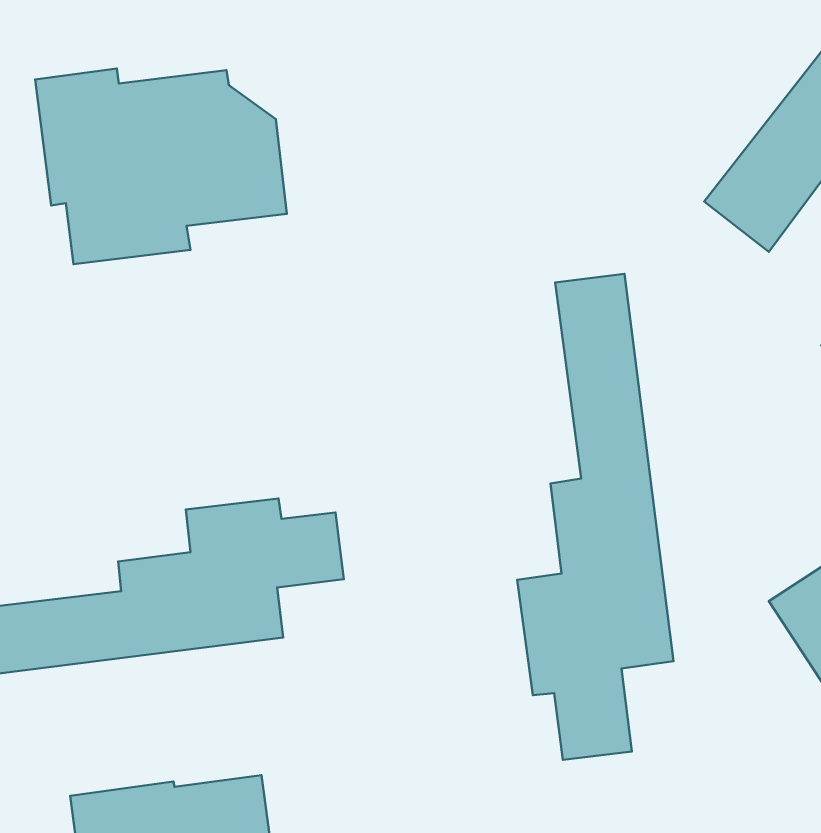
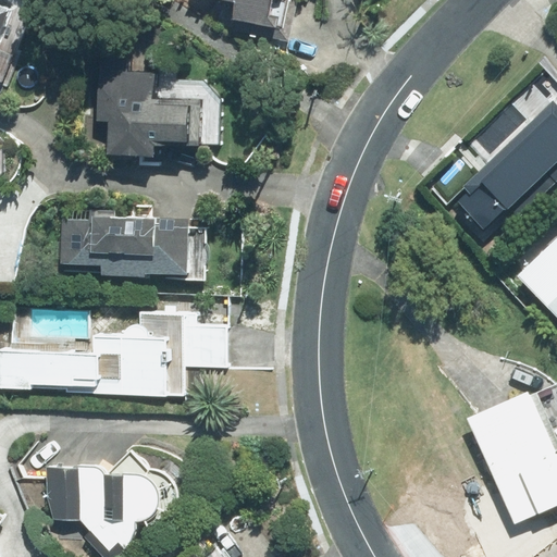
building: [517,274,674,760] -> none
building: none -> [60,212,206,282]

